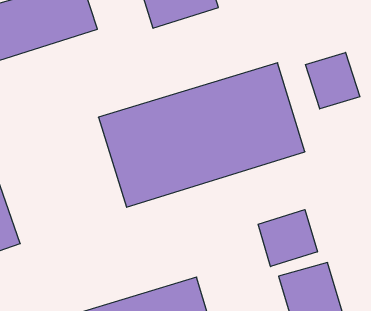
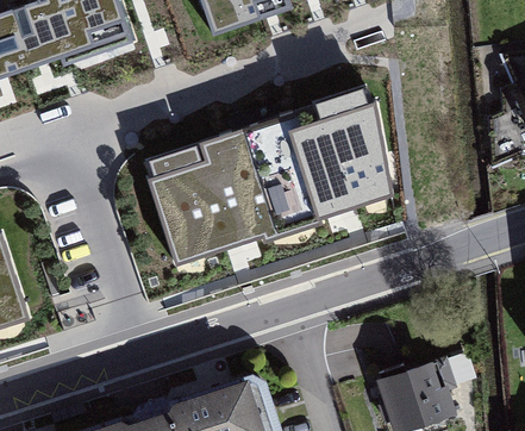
building: [305,52,360,109] -> none
building: [258,210,317,267] -> none

